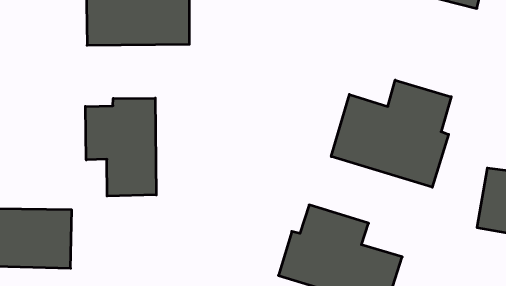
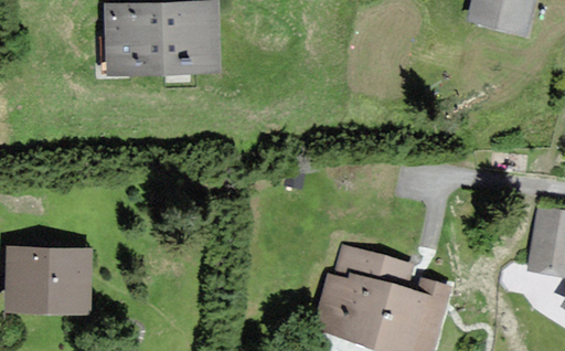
building: [331,80,451,187] -> none
building: [85,98,156,196] -> none

